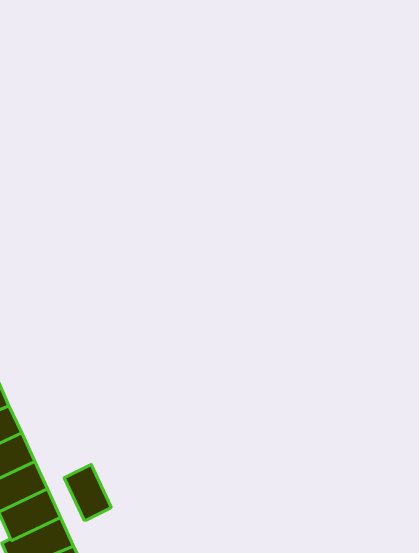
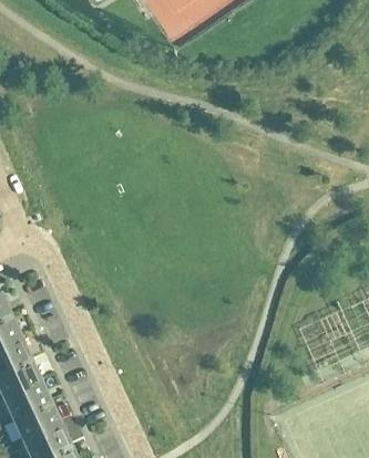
building: [64,465,111,520] -> none

